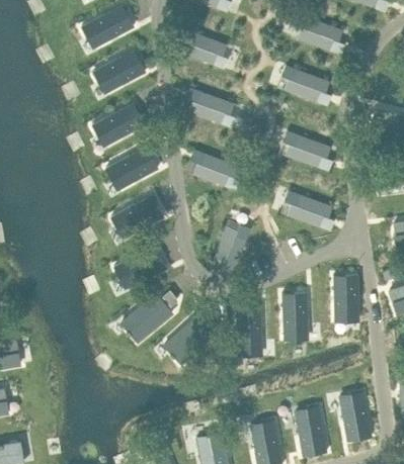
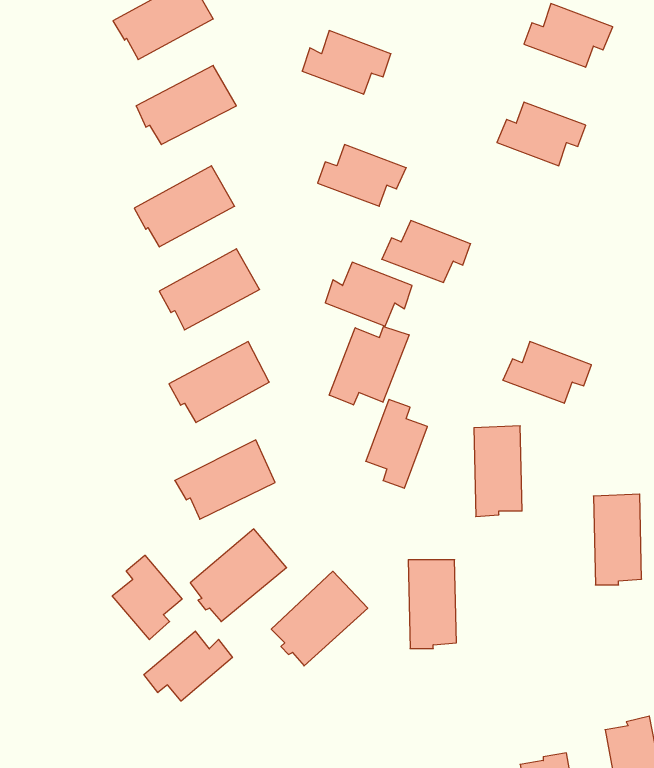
building: [285,134,331,167] -> [382,221,471,282]
building: none -> [329,327,409,405]
building: [282,292,308,340] -> [474,426,522,517]
building: none -> [112,555,182,640]
building: none -> [144,631,232,701]

